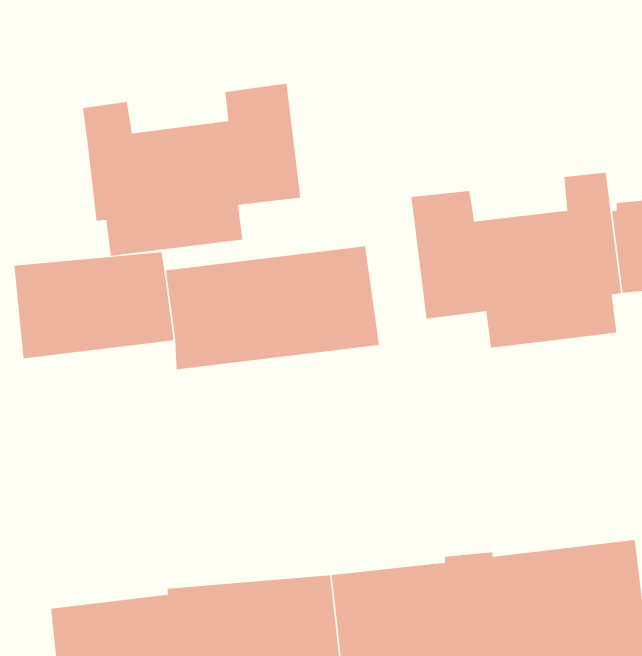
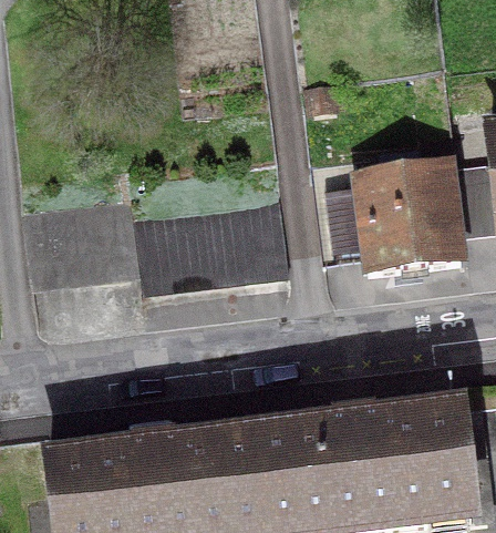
building: [83,83,301,257] -> none

